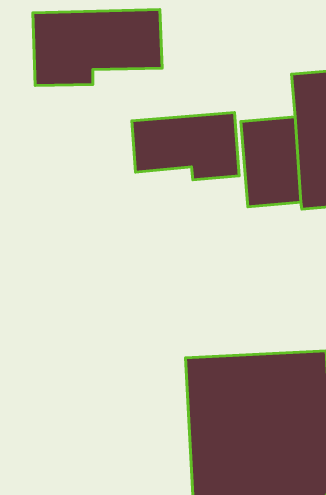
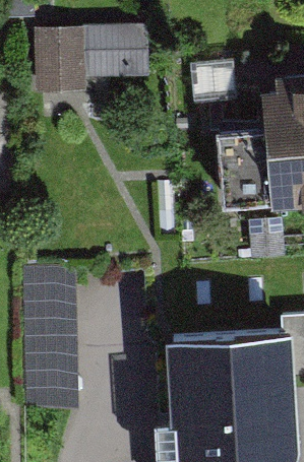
building: [132,112,239,180] -> none

